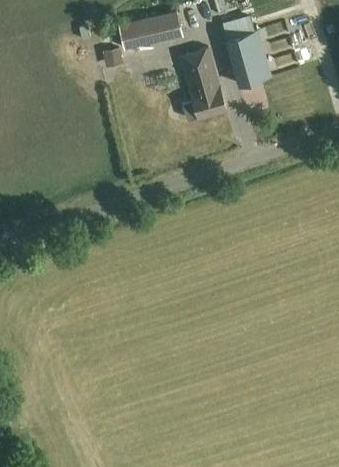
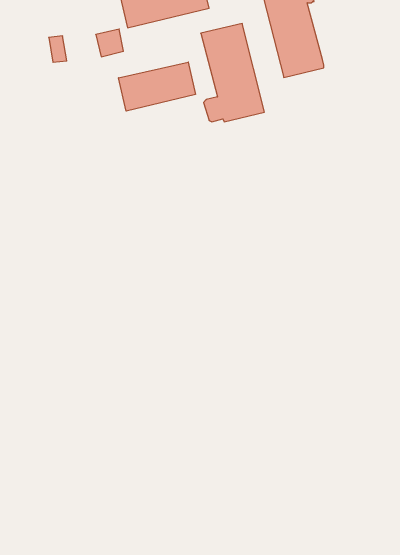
building: none -> [119,62,195,111]

